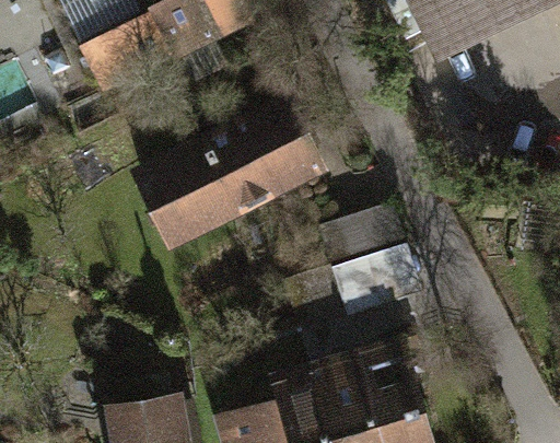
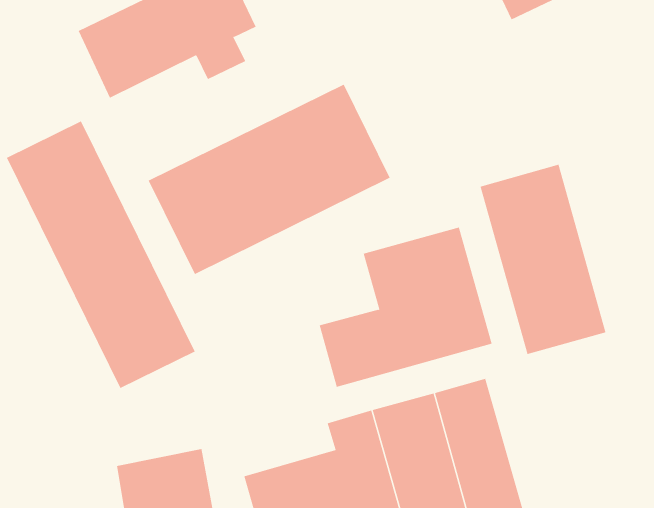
building: none -> [6,120,195,389]
building: none -> [480,164,606,355]

